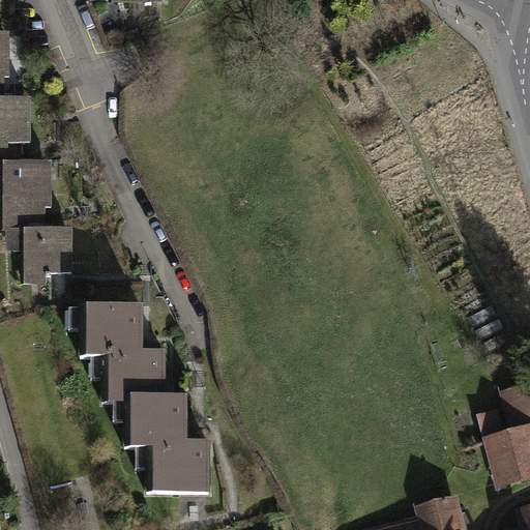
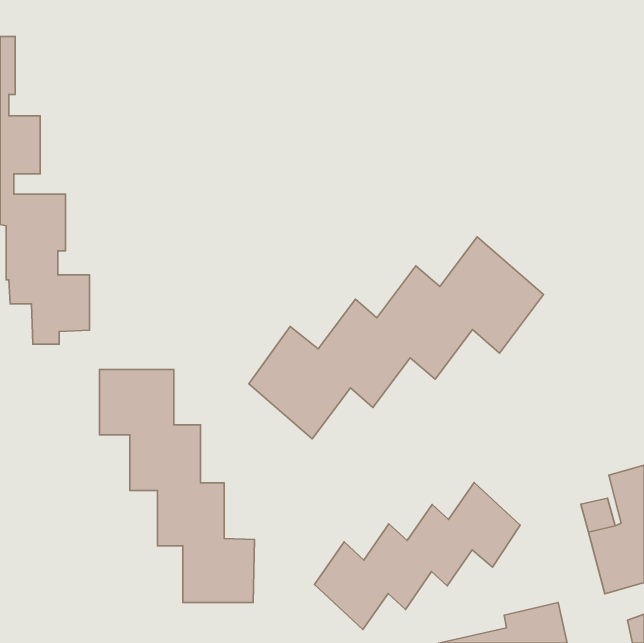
building: none -> [249,237,544,439]
building: none -> [314,483,520,630]

